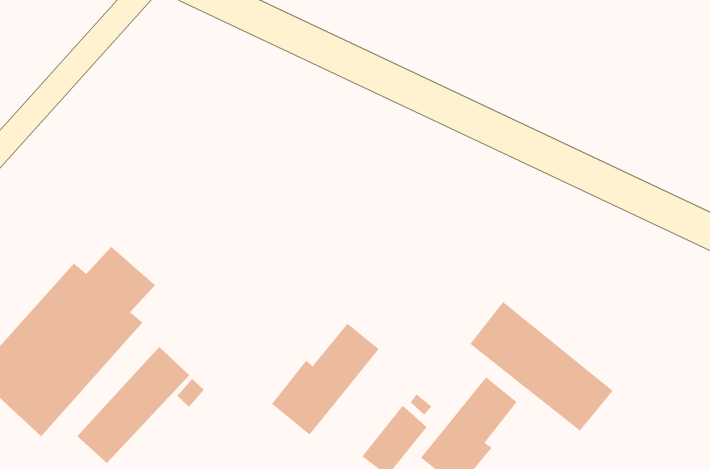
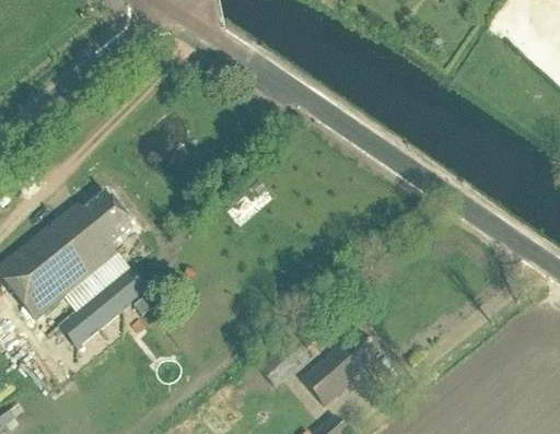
building: [469,301,614,432] -> none
building: [271,323,380,436] -> none

